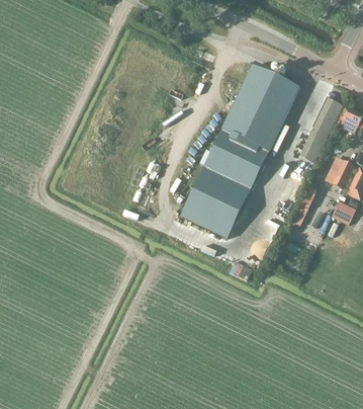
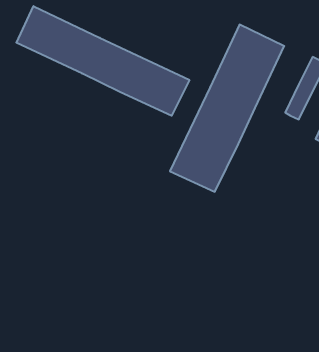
building: none -> [16,6,189,116]

